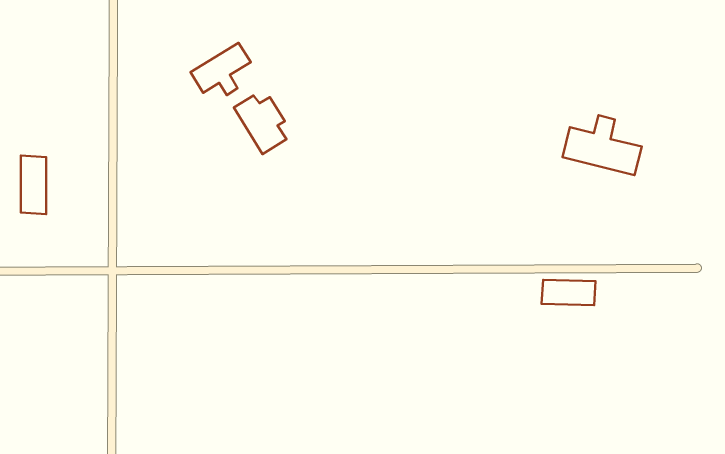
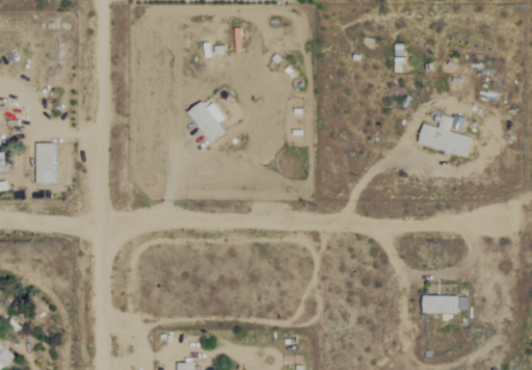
building: [191,43,251,95] -> none
building: [542,280,596,305] -> [420,295,457,313]

